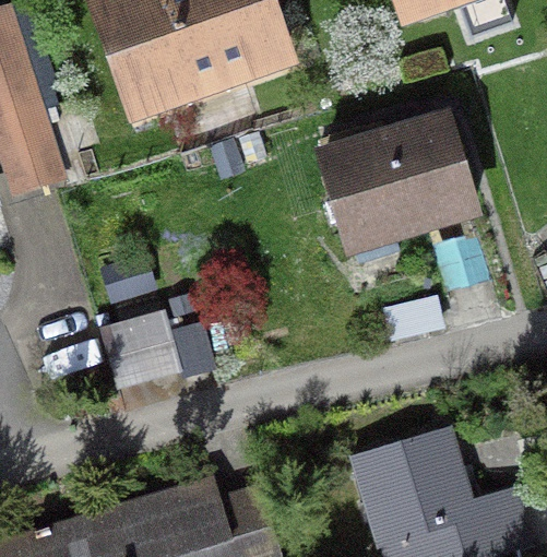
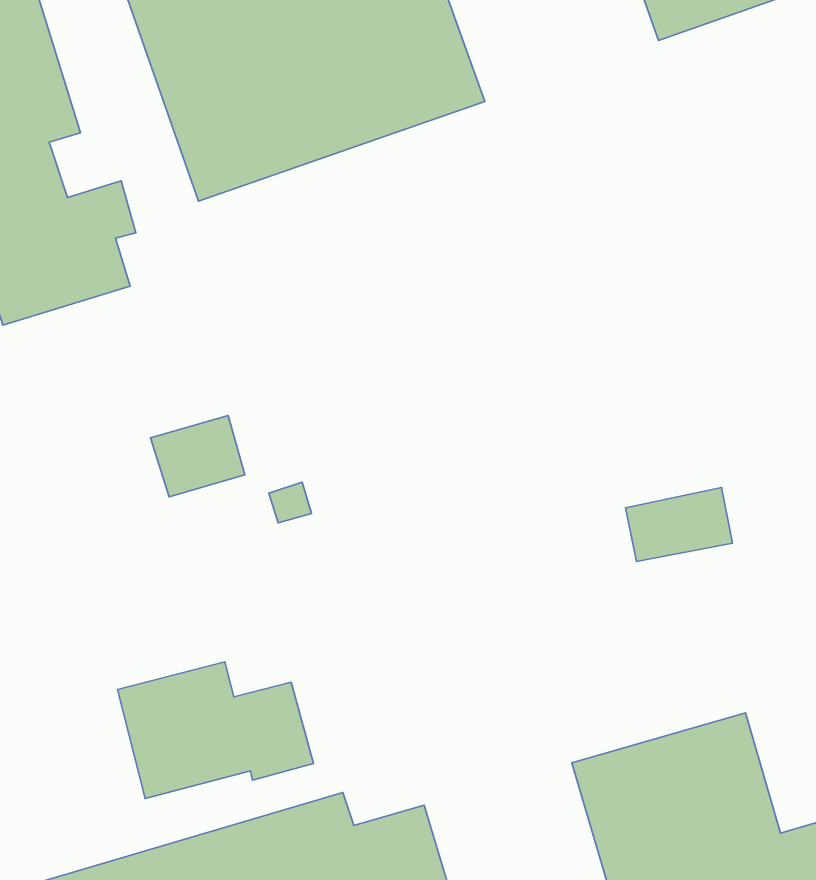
building: [313,112,481,260] -> none
building: [100,310,216,391] -> [118,662,313,799]

